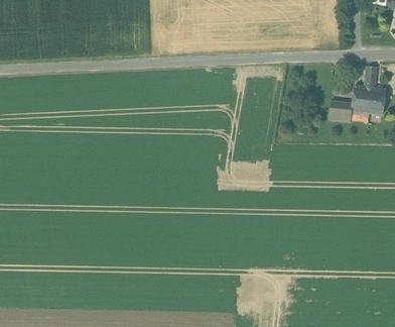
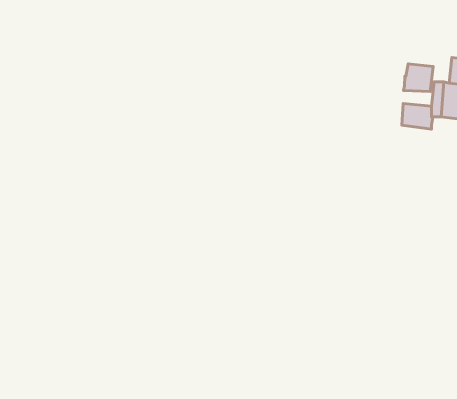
building: none -> [404,64,433,92]

